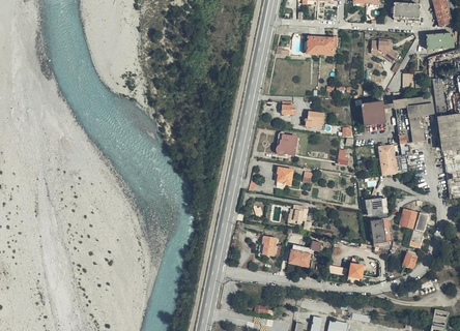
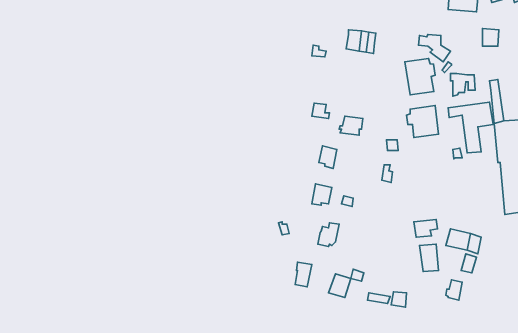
building: none -> [405,58,435,95]
building: [380,146,398,177] -> none

